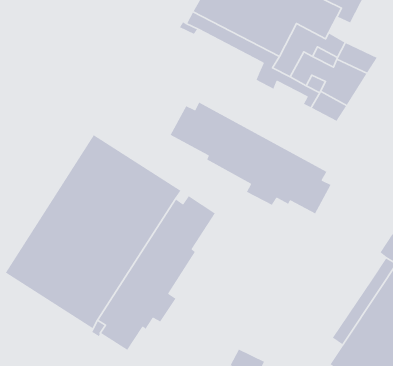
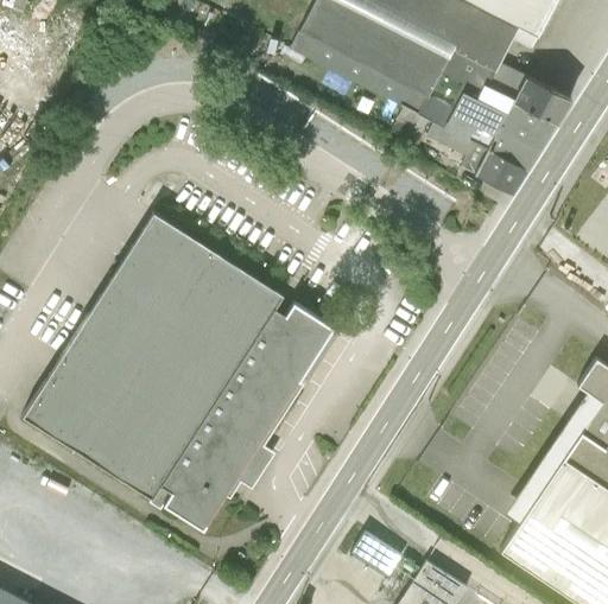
building: [170,101,332,214] -> none

